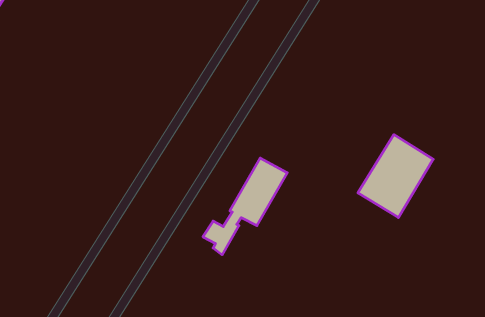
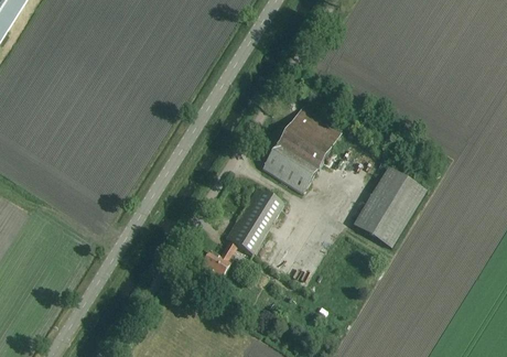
building: none -> [261,105,342,193]

